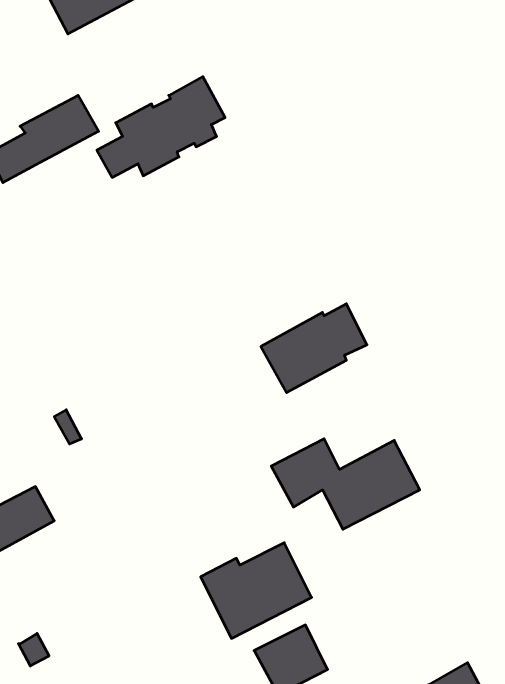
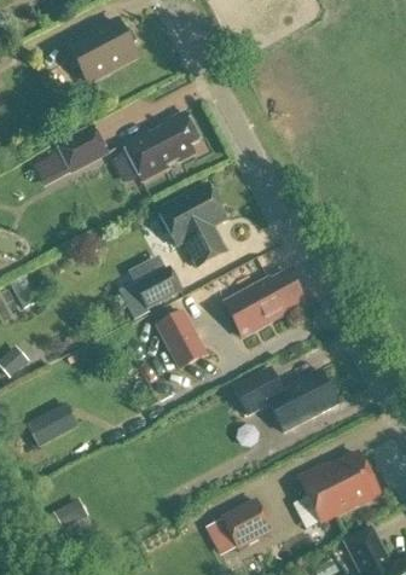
building: none -> [157,182,227,267]
building: none -> [135,265,182,306]
building: none -> [155,310,207,368]
building: [201,543,312,638] -> [300,453,378,521]

